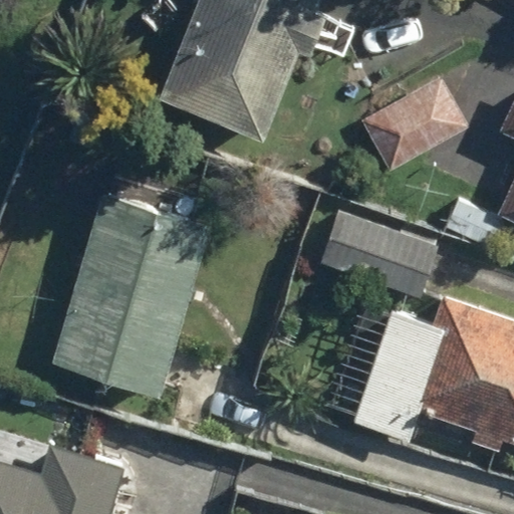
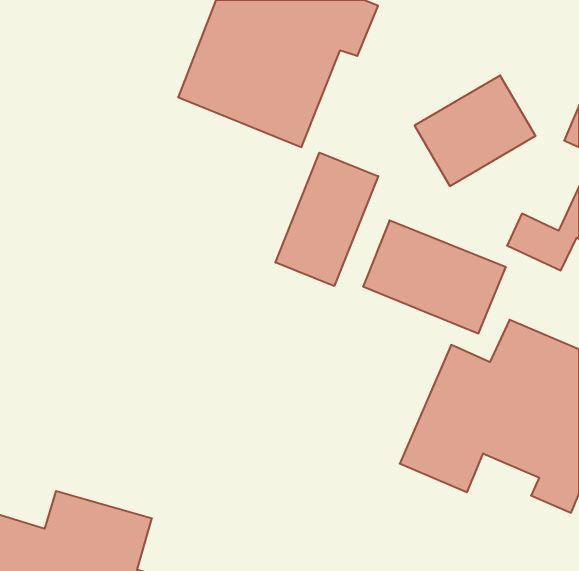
building: none -> [275,153,378,286]
building: [53,197,208,391] -> none

